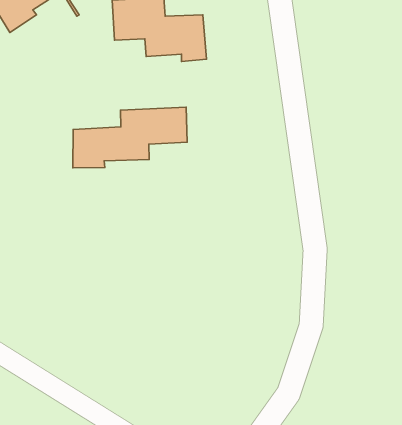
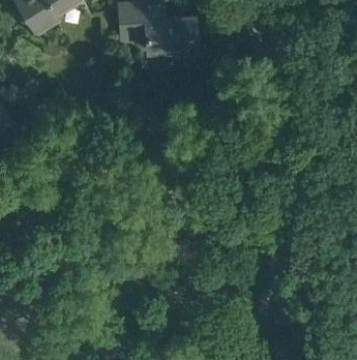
building: [73,107,187,168] -> none

